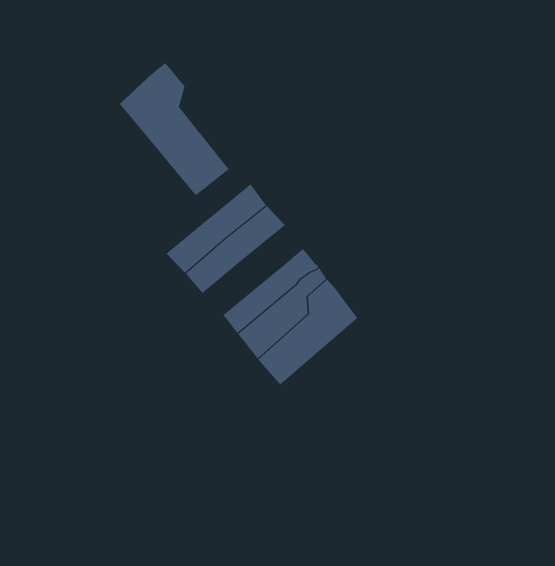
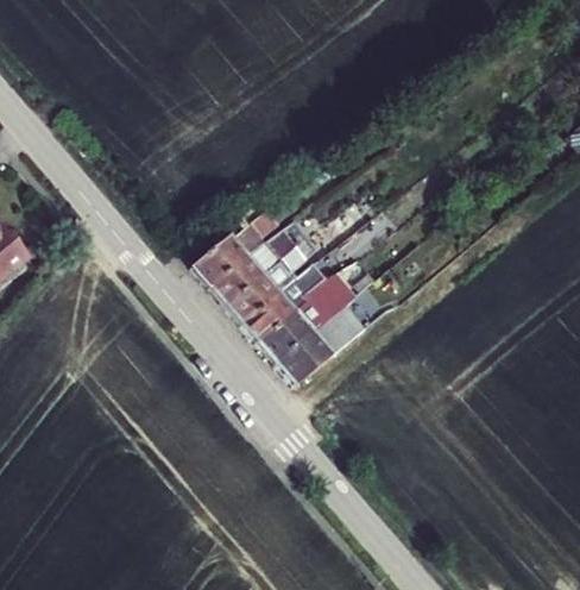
building: [119,62,229,196] -> none
building: none -> [228,243,311,322]

